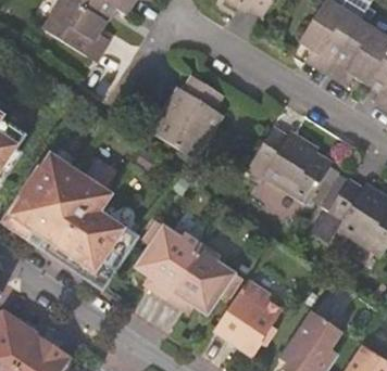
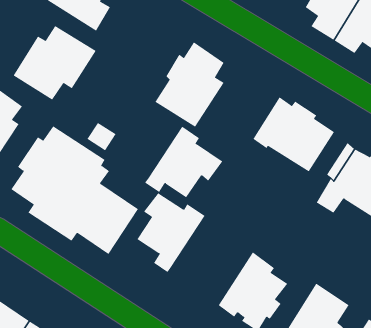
building: none -> [13,25,96,100]
building: [165,243,242,314] -> [144,126,223,198]

